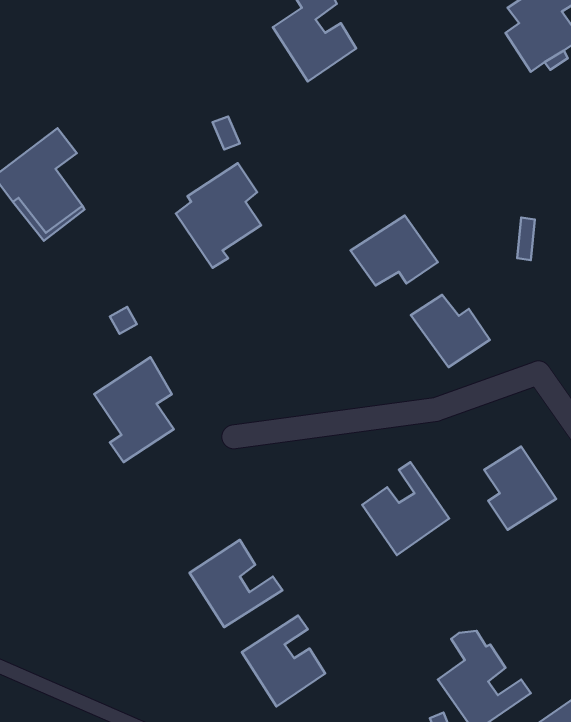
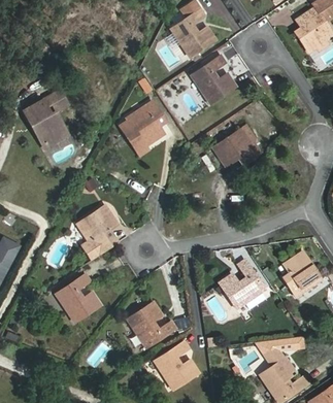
building: none -> [191,55,237,104]
building: [411,295,490,367] -> none
building: none -> [56,273,101,323]

